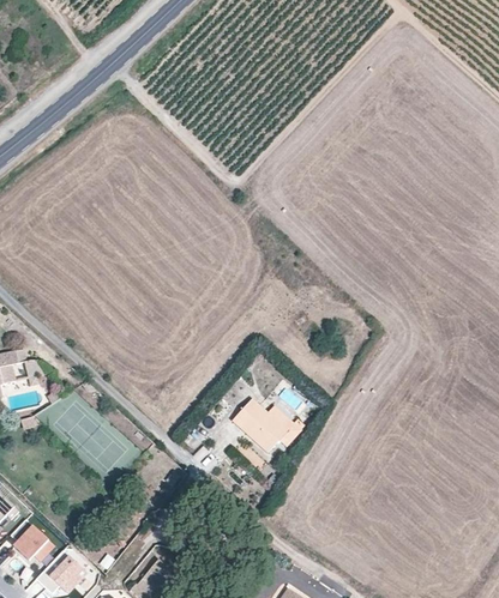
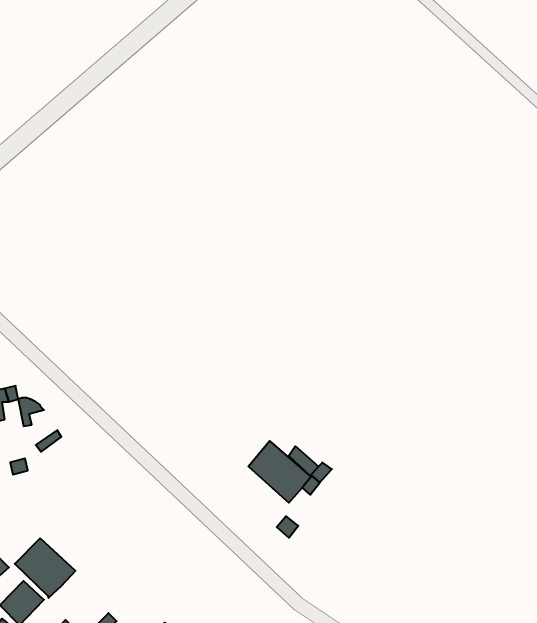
building: none -> [15,538,75,598]

